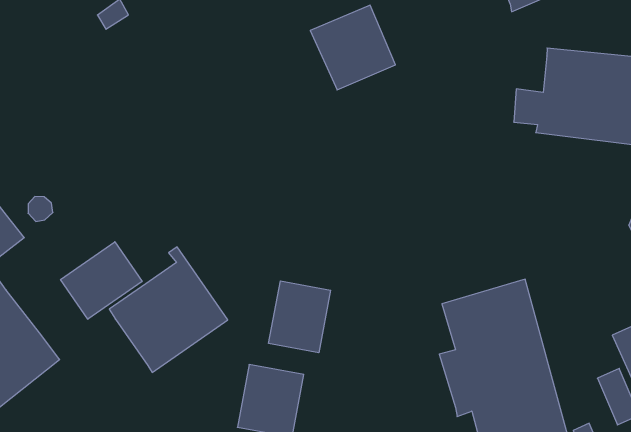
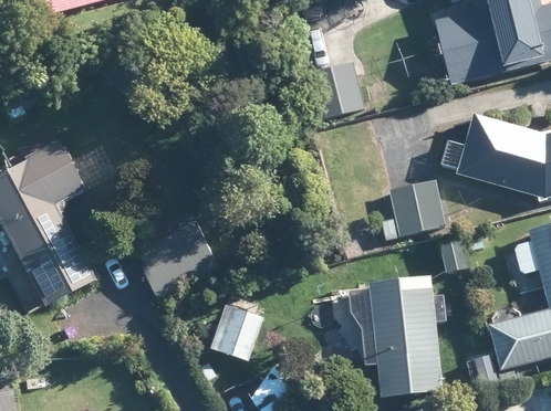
building: none -> [381,182,445,241]
building: [61,242,142,319] -> none
building: [269,281,331,353] -> none

